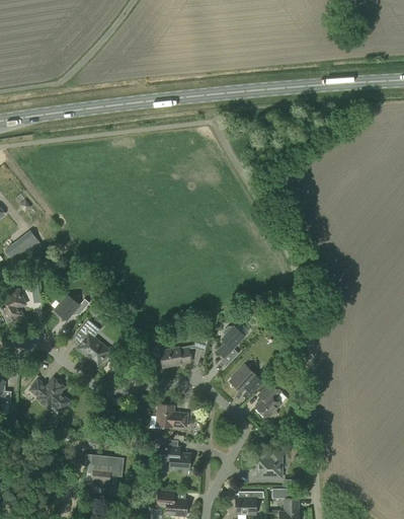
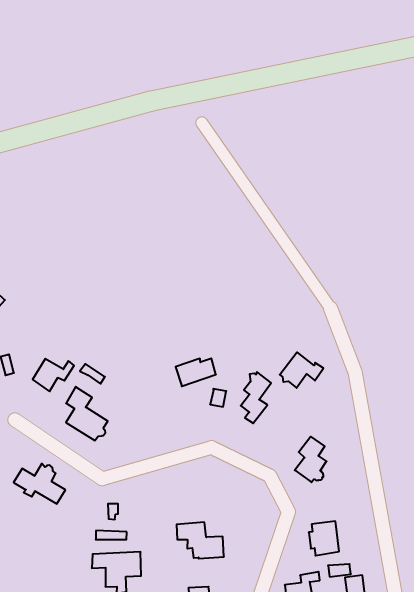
building: [159,347,190,367] -> [176,358,216,386]
building: [229,364,264,392] -> [280,352,323,388]
building: [156,403,188,427] -> none

